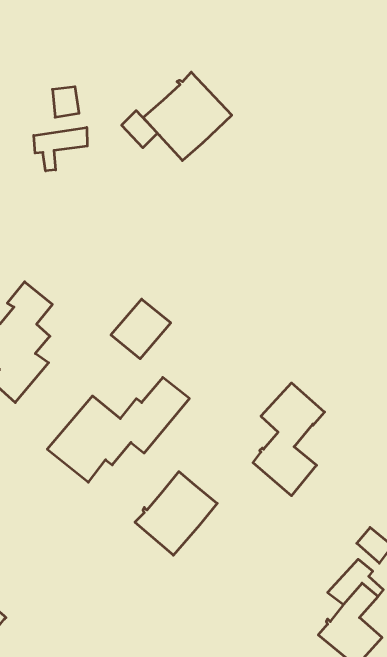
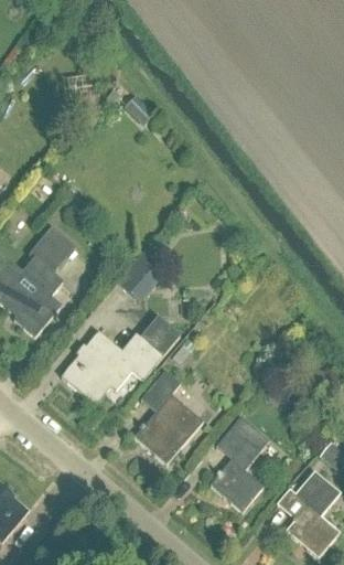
building: [143,72,232,161] -> none
building: [34,127,87,171] -> none
building: [253,383,325,496] -> [211,416,270,510]
building: none -> [140,369,180,411]

